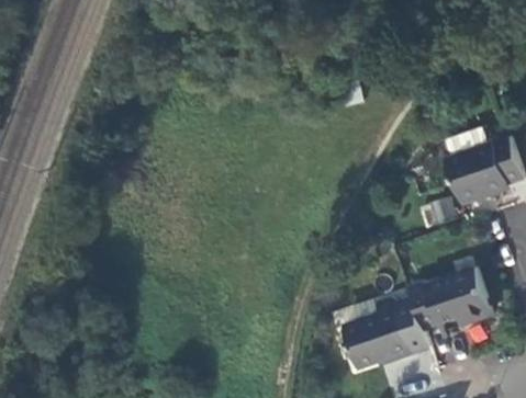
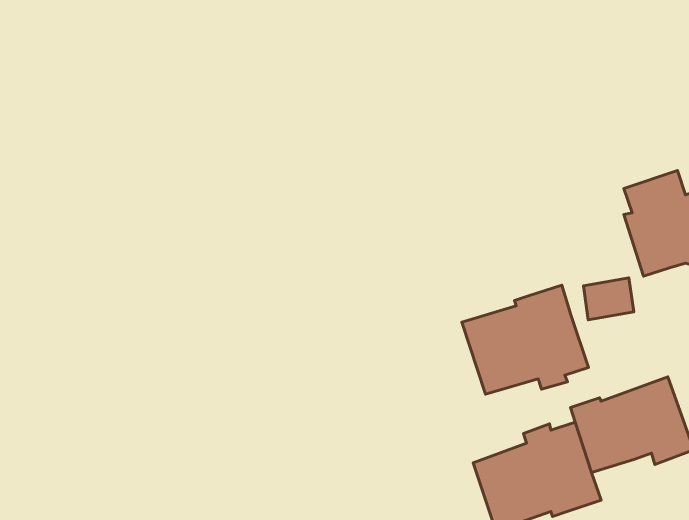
building: none -> [462,285,588,394]

